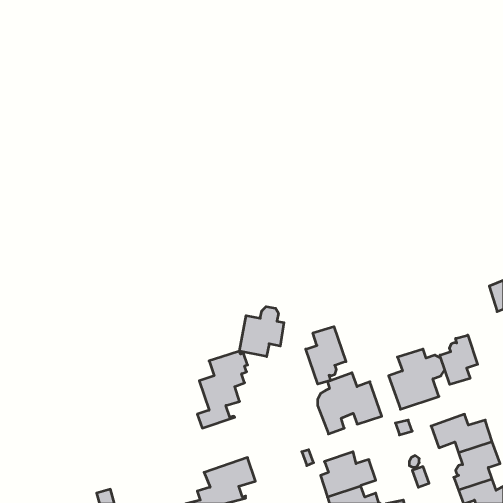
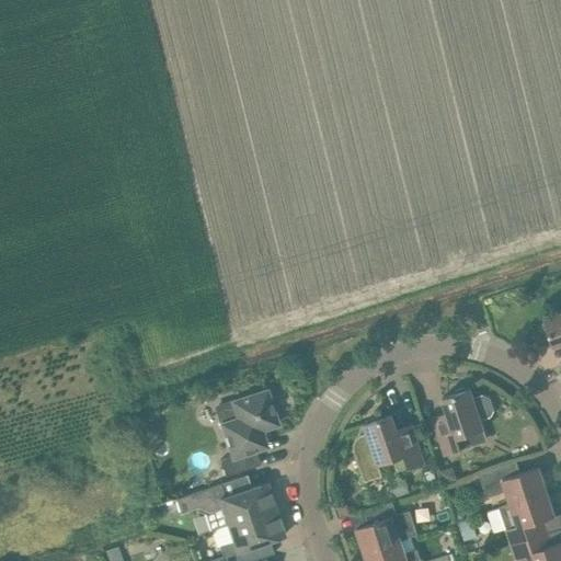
building: [240,307,284,357] -> none
building: [306,327,346,384] -> none
building: [440,335,478,384] -> none
building: none -> [176,476,276,526]

